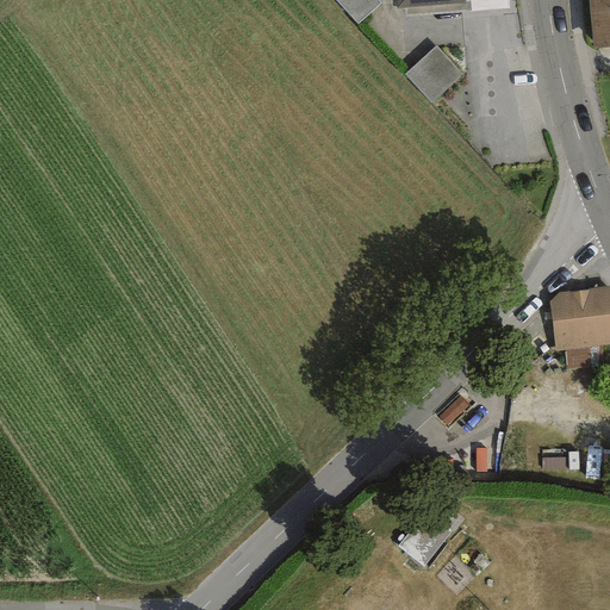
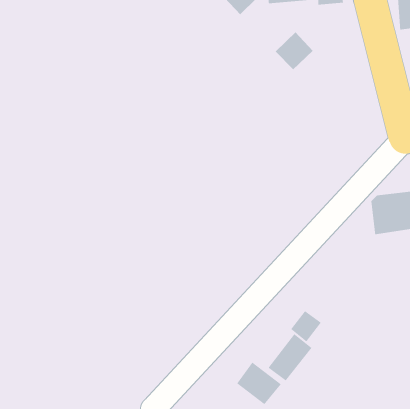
building: none -> [290,310,322,342]
building: none -> [236,361,282,405]

